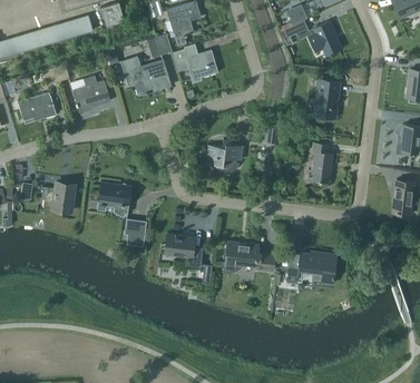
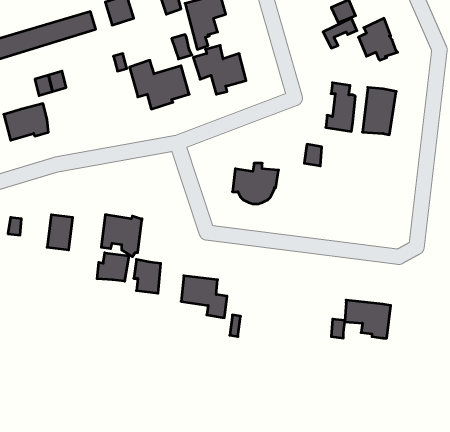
building: [71,76,109,114] -> none
building: [306,143,331,183] -> [326,83,355,131]
building: none -> [97,253,129,281]
building: [223,240,274,273] -> none

